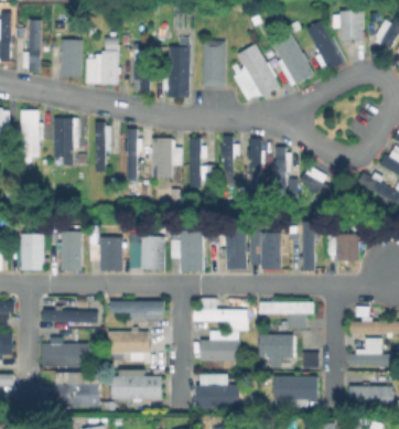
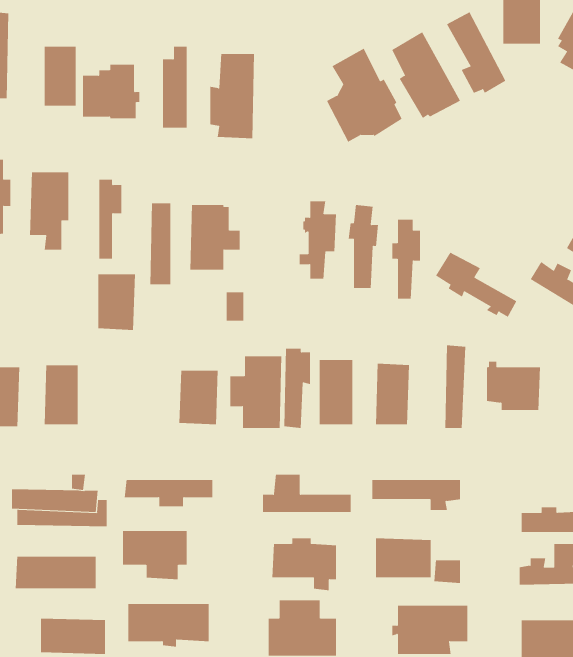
building: [199,37,223,84] -> none
building: [187,136,204,184] -> [283,348,311,428]
building: [101,237,125,271] -> [97,274,136,330]

